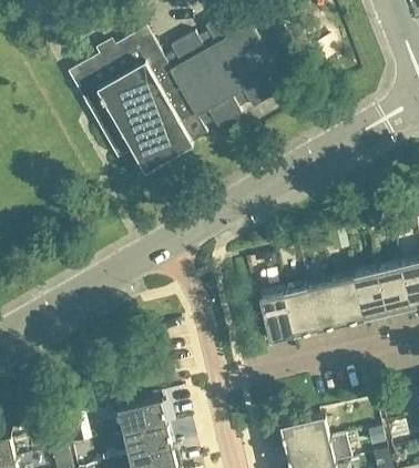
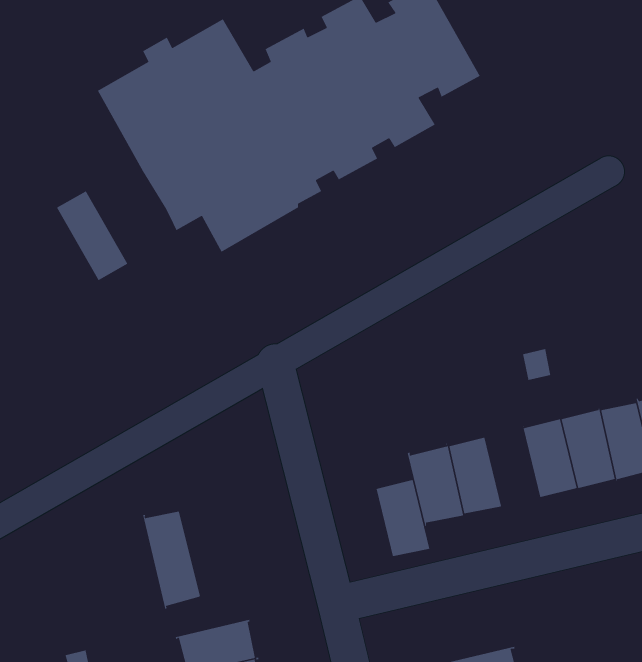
building: none -> [55,188,130,283]
building: [306,281,340,332] -> [375,477,431,560]
building: none -> [142,506,201,610]

